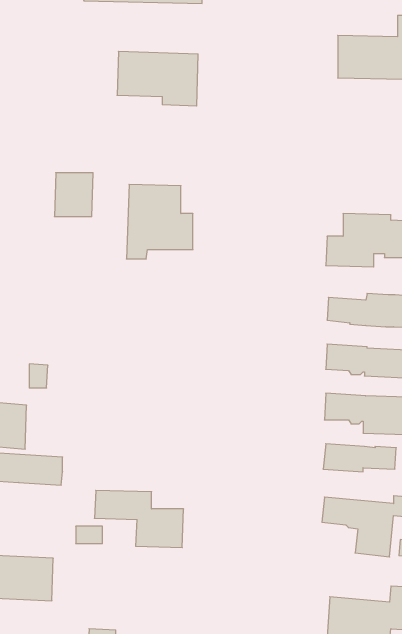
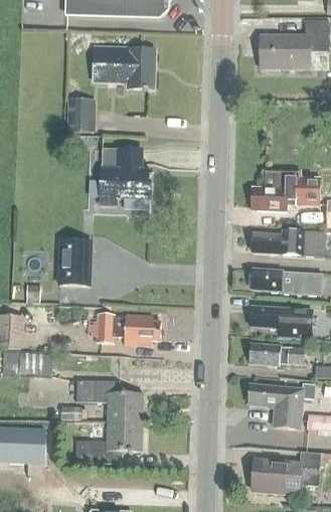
building: [54,173,93,217] -> [66,98,96,131]
building: none -> [58,239,91,285]
building: none -> [96,314,159,344]
building: none -> [75,421,142,463]

